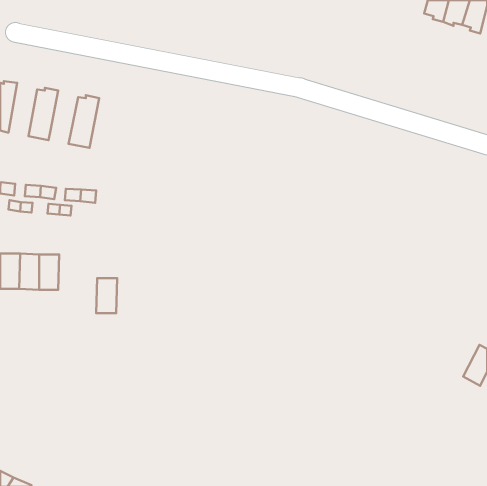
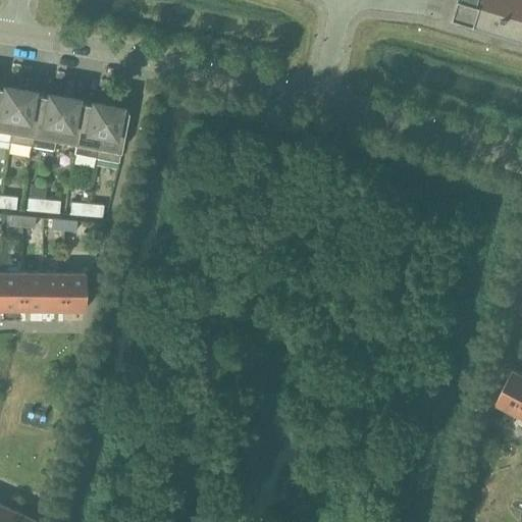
building: none -> [9,90,40,147]
building: none -> [54,98,84,145]
building: none -> [96,106,127,163]
building: [96,278,117,313] -> [62,273,85,311]

